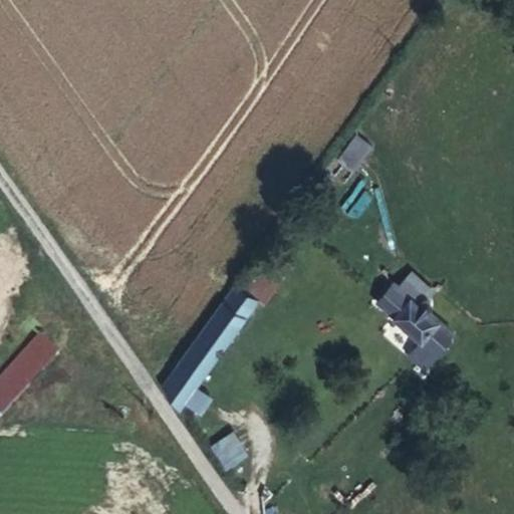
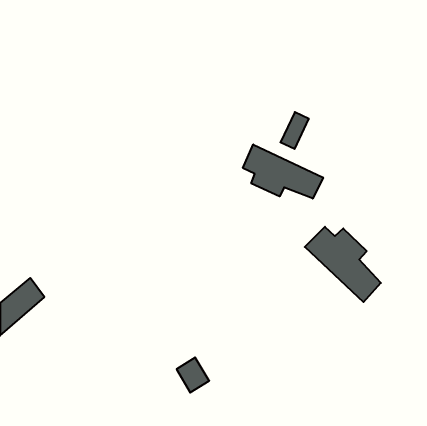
building: none -> [243,144,323,199]
building: [163,290,255,410] -> none

